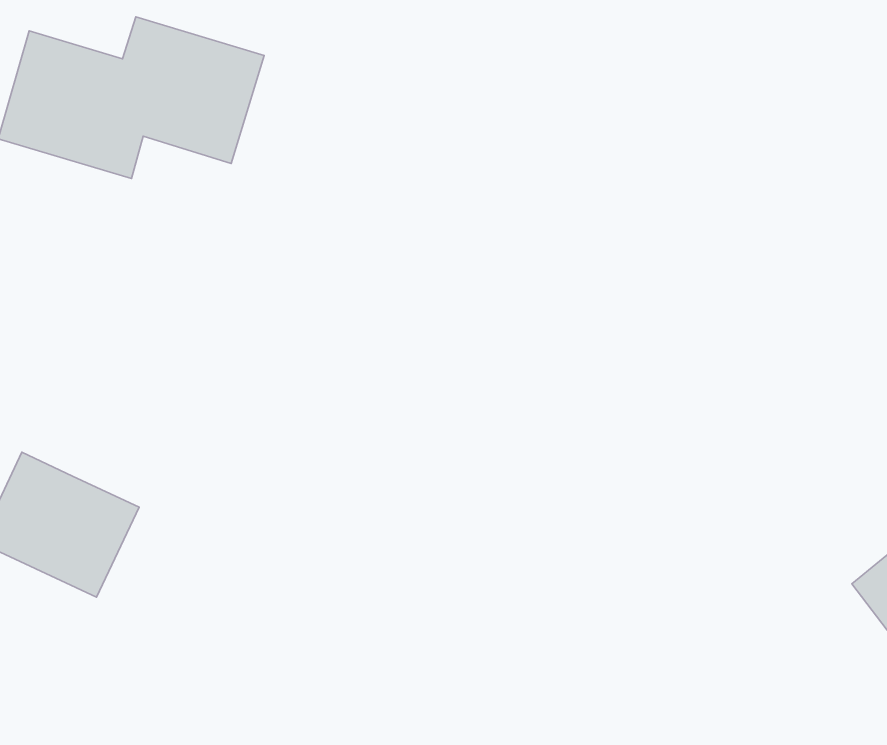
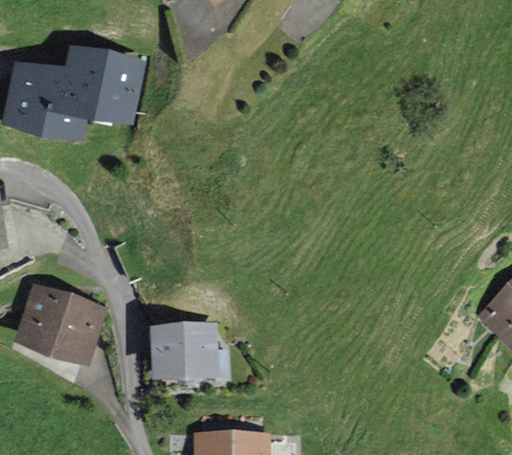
building: none -> [153,323,224,377]

